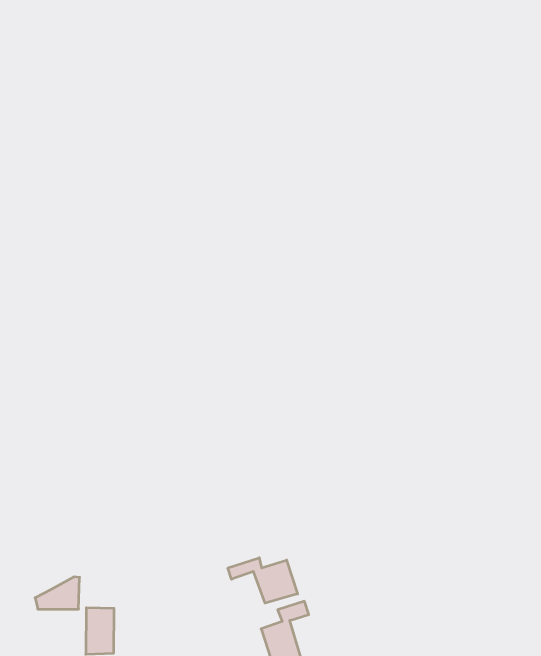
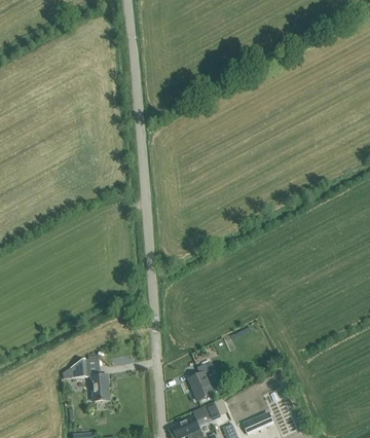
building: [228,558,298,603] -> none

